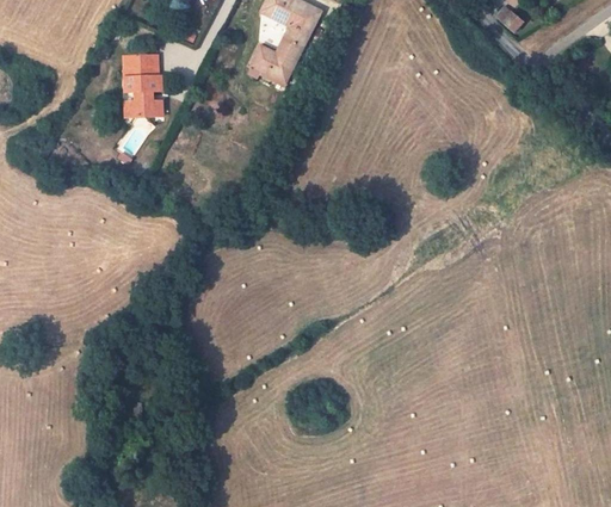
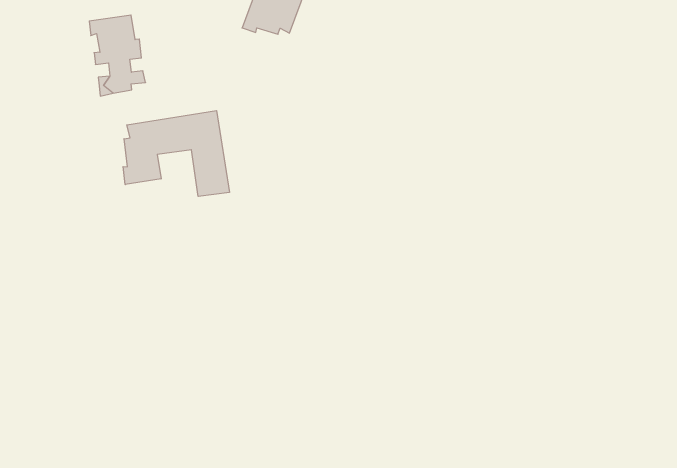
building: none -> [123,111,229,196]

